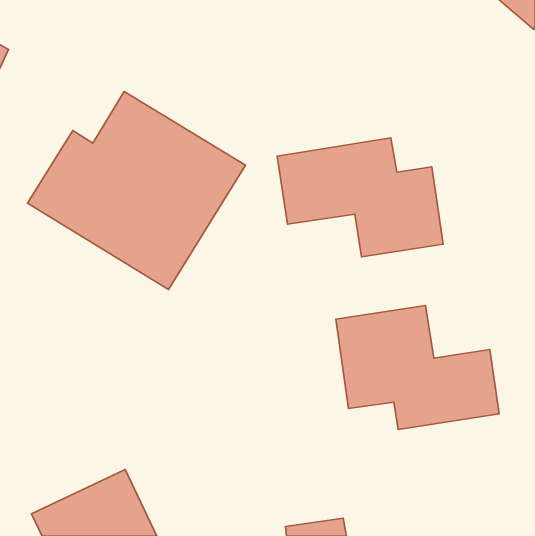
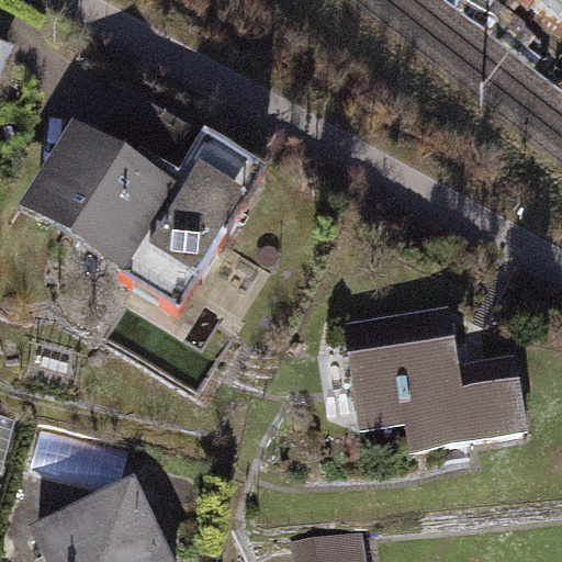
building: [277,138,443,257] -> none

